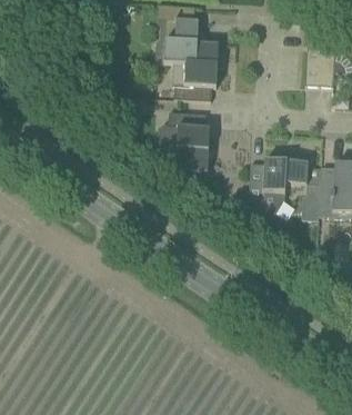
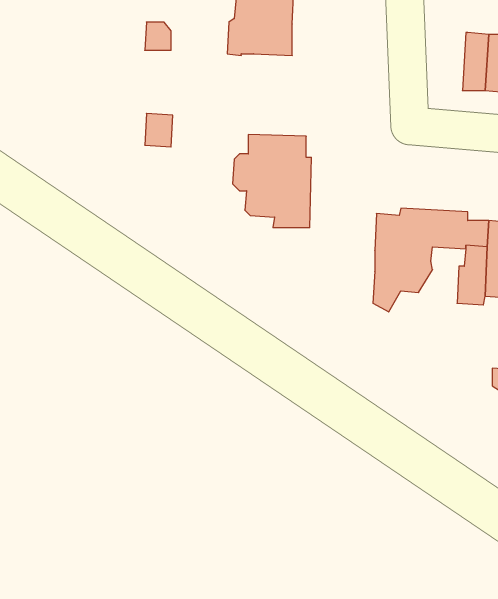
building: [173,41,219,99] -> none

